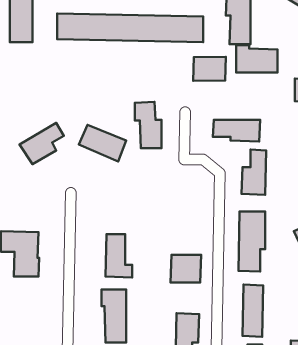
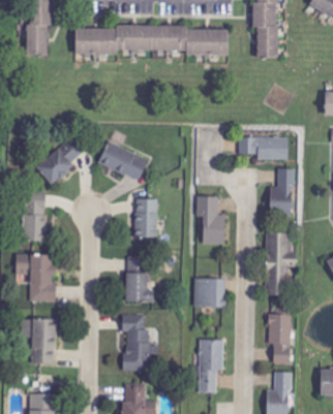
building: [236,45,278,73] -> none
building: [193,57,226,81] -> none
building: [135,102,161,148] -> [196,195,224,244]
building: none -> [134,198,157,237]
building: none -> [22,199,47,241]
building: none -> [23,318,56,363]

